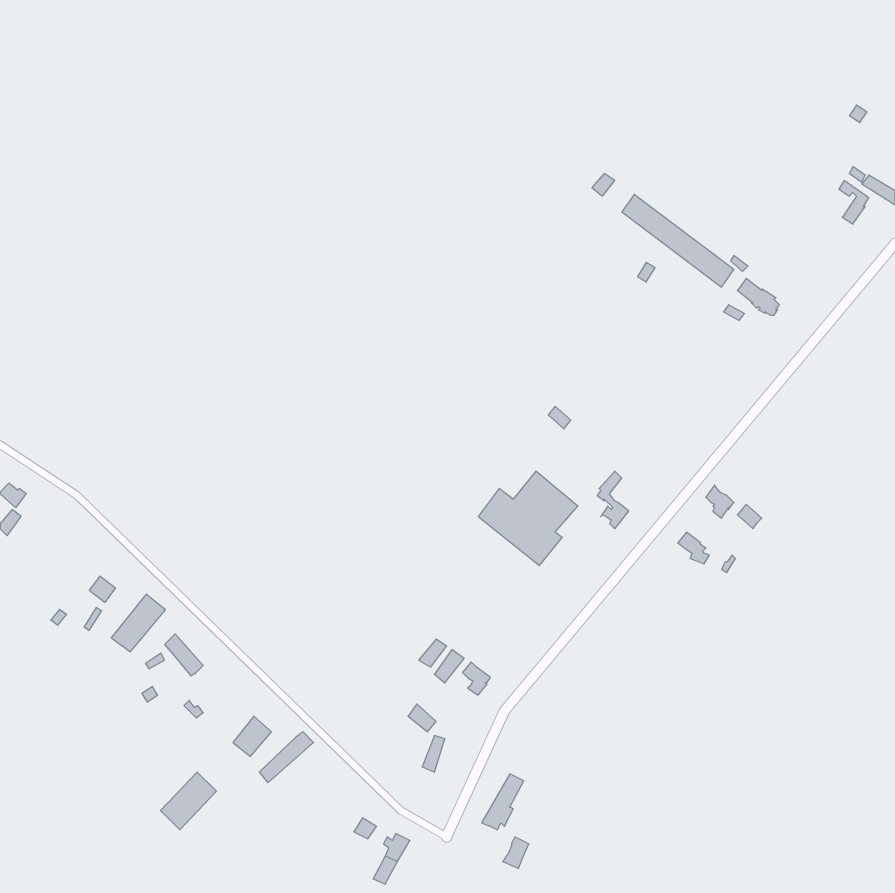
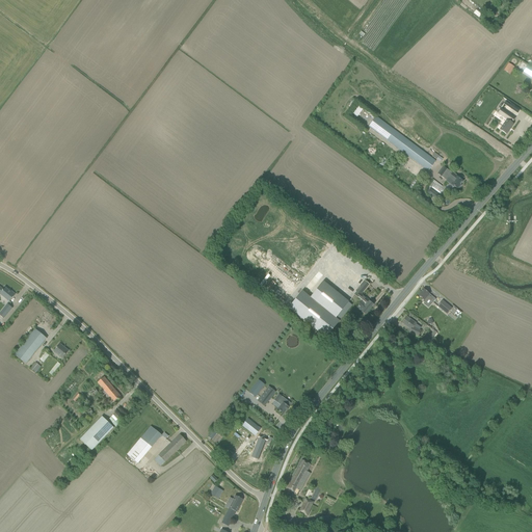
building: [111,594,165,652] -> [15,328,47,363]
building: [160,772,216,830] -> [80,416,113,450]

